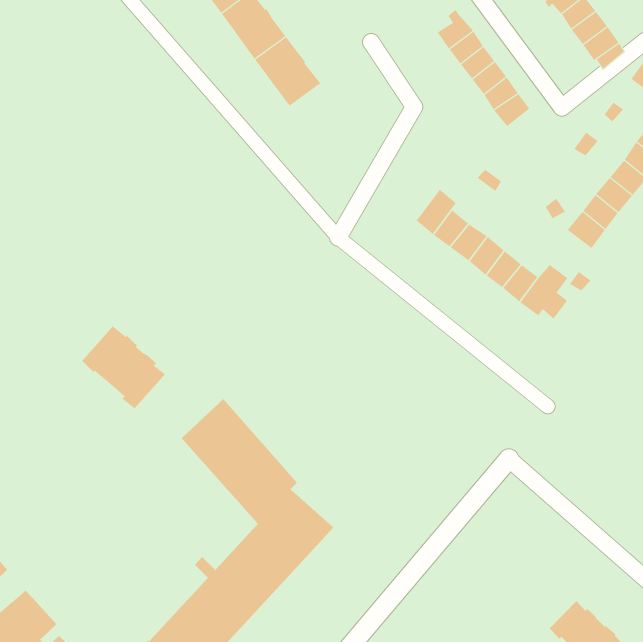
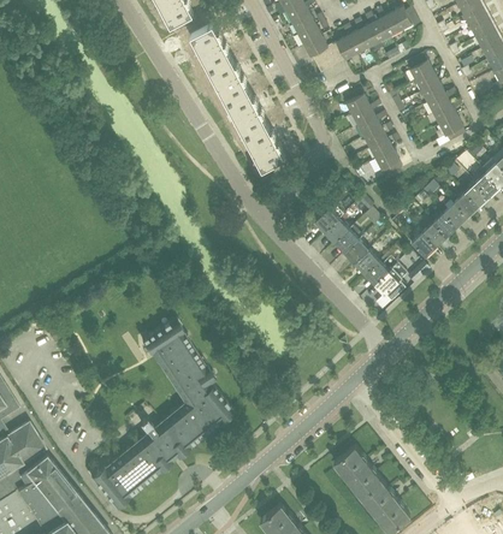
building: none -> [244,125,285,171]
building: [82,326,166,409] -> none
building: none -> [333,447,383,498]

